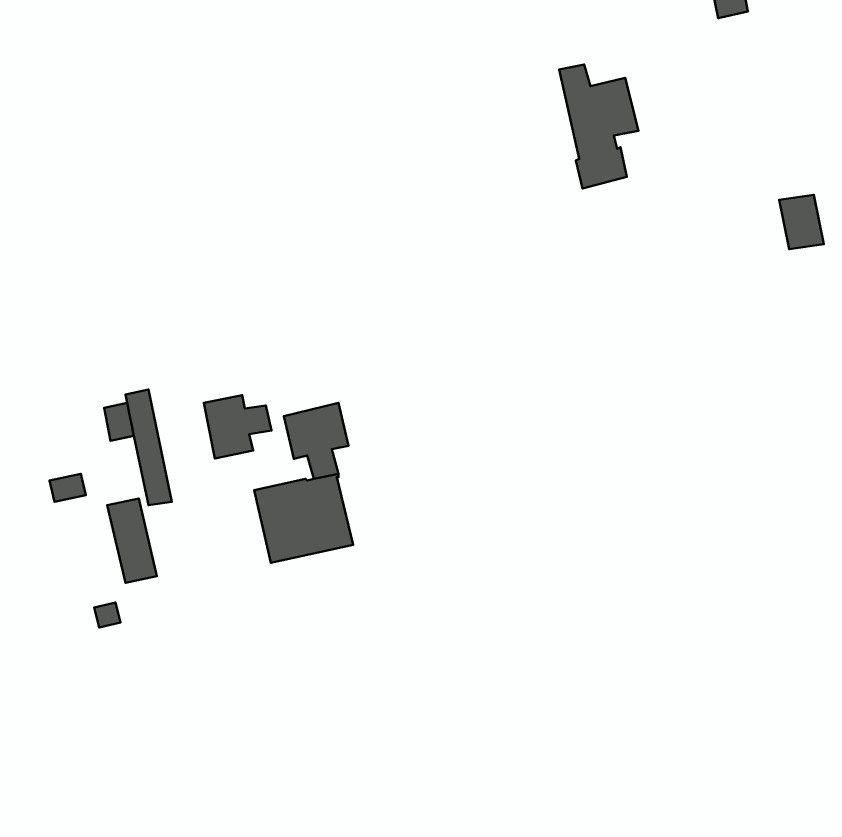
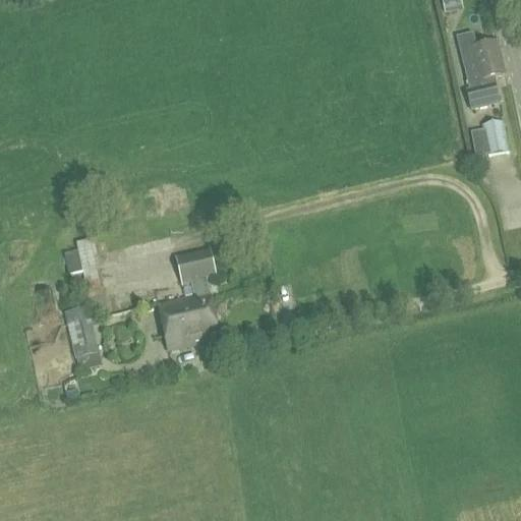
building: [559,65,639,188] -> [456,32,505,108]
building: [204,395,272,459] -> none

